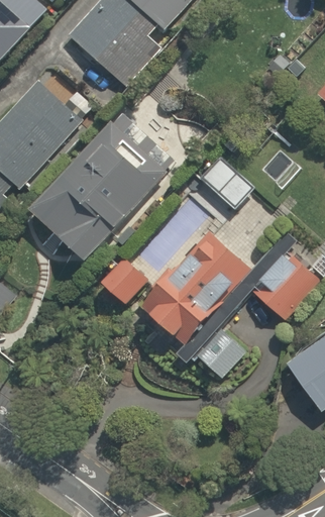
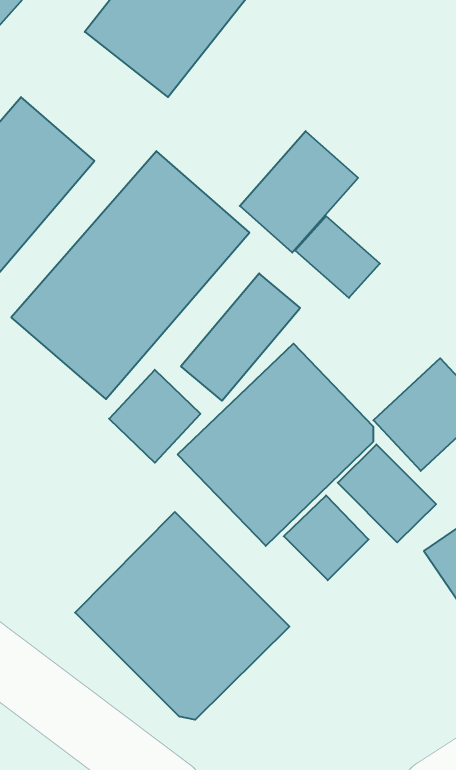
building: none -> [240,131,358,253]
building: none -> [338,444,436,542]
building: none -> [75,512,289,720]

